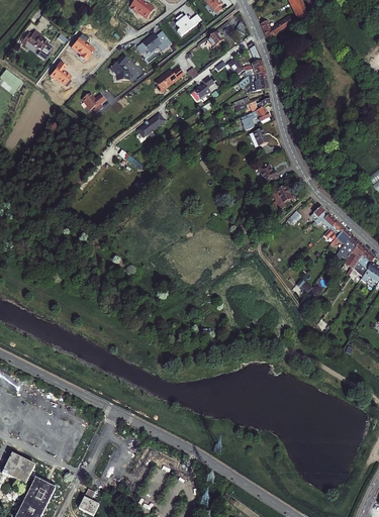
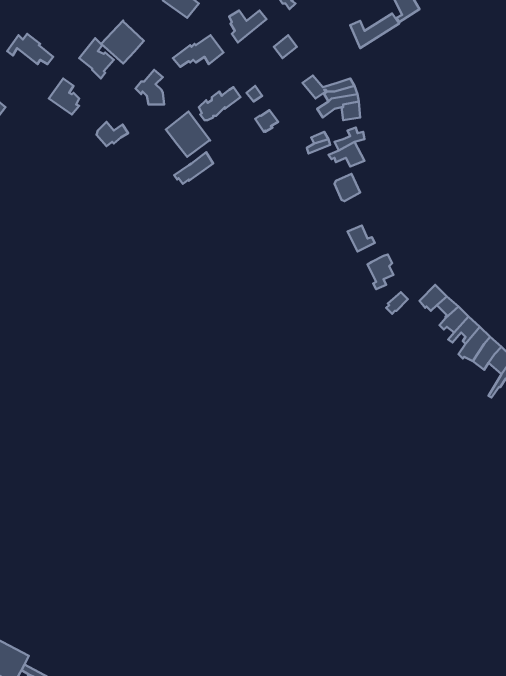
building: none -> [101,20,144,64]
building: none -> [166,111,210,157]

